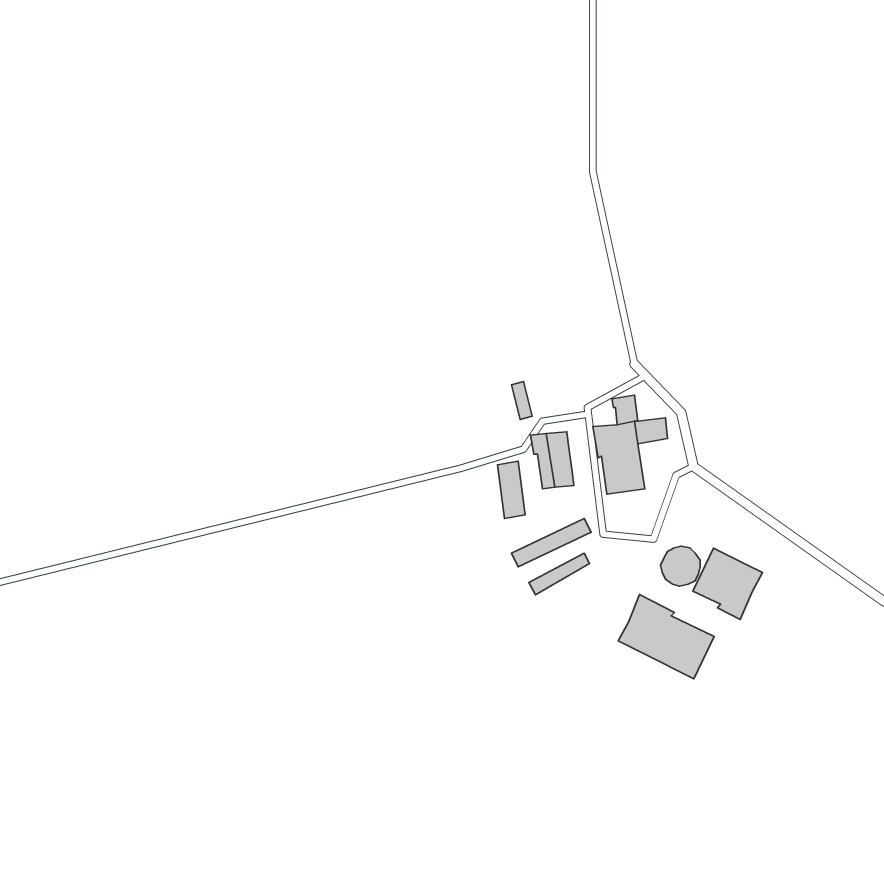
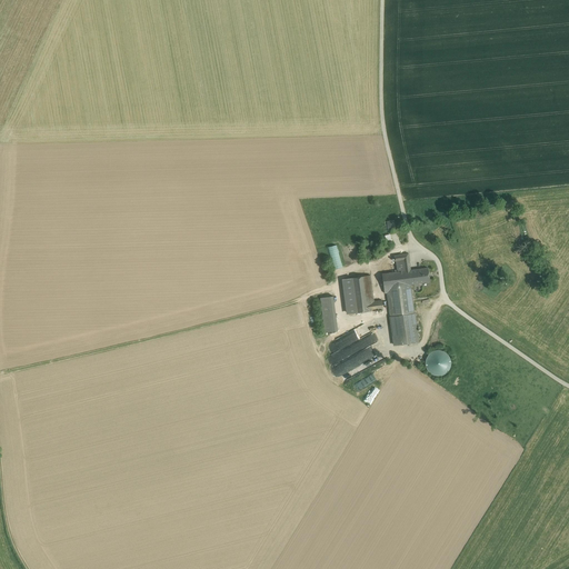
building: none -> [389,313,417,345]
building: [693,548,762,620] -> none
building: [618,595,714,679] -> none

